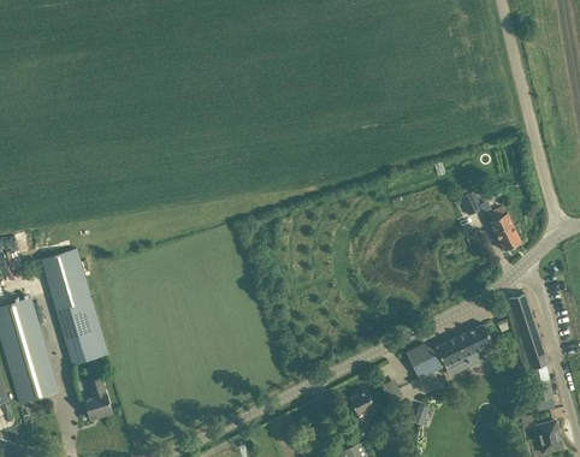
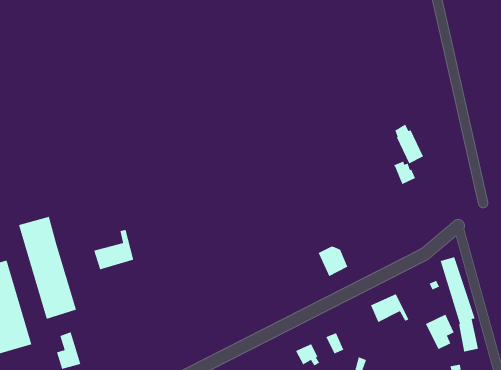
building: [489,207,521,251] -> [395,124,424,164]
building: none -> [93,229,134,270]
building: [461,325,493,364] -> [425,314,455,350]
building: [407,344,440,379] -> [318,245,348,277]

